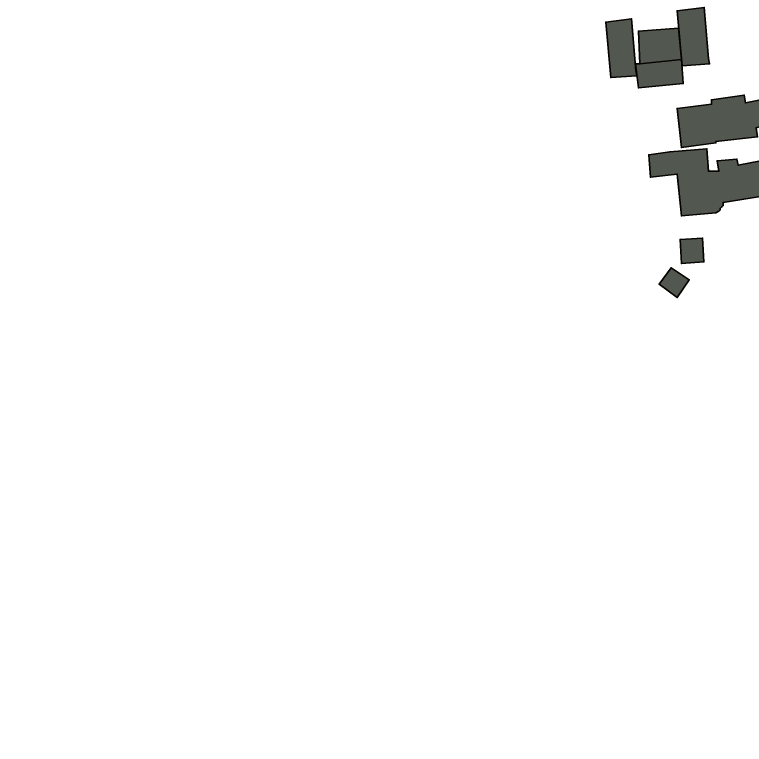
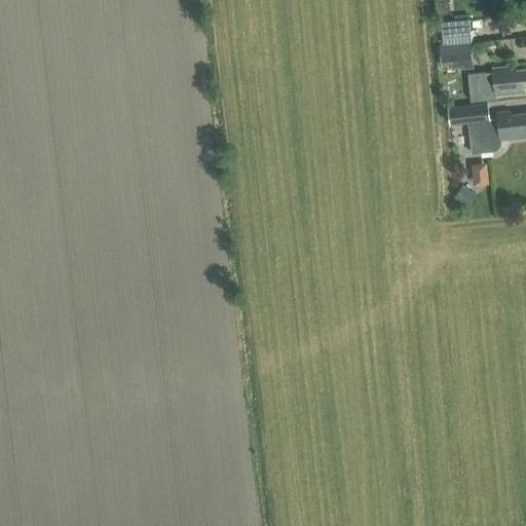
building: [677,7,709,66] -> none
building: [606,19,637,77] -> none

